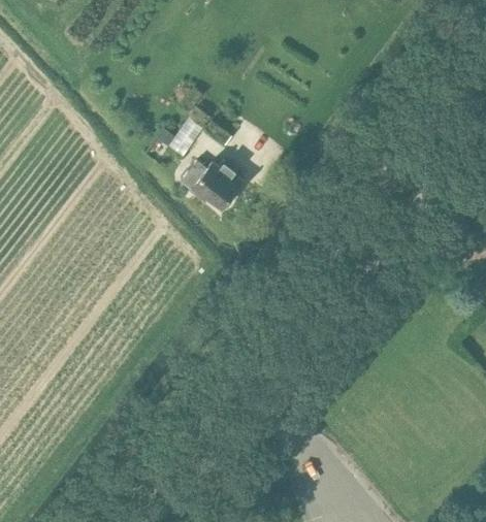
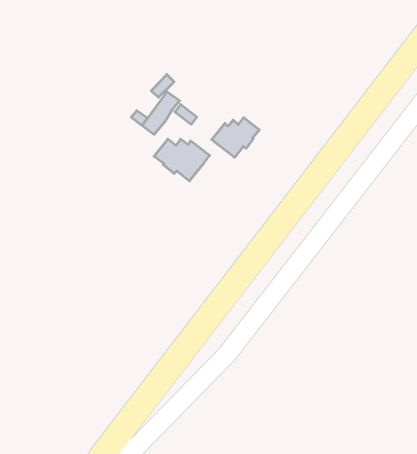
building: none -> [212,118,259,157]

